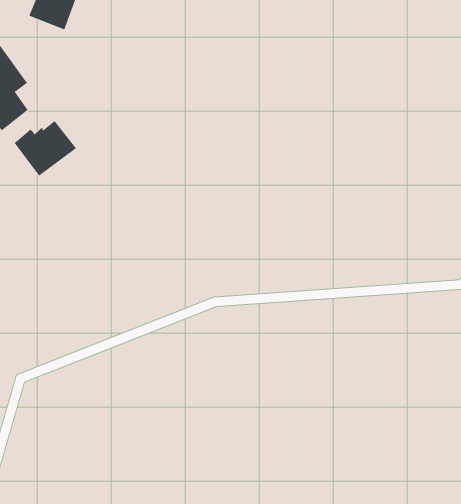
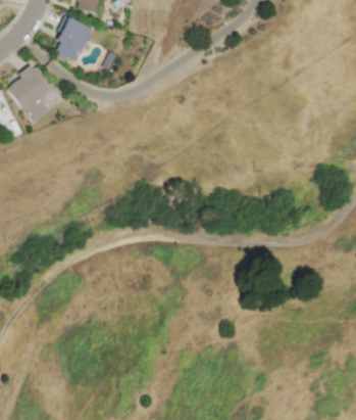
building: [14,120,77,177] -> none

